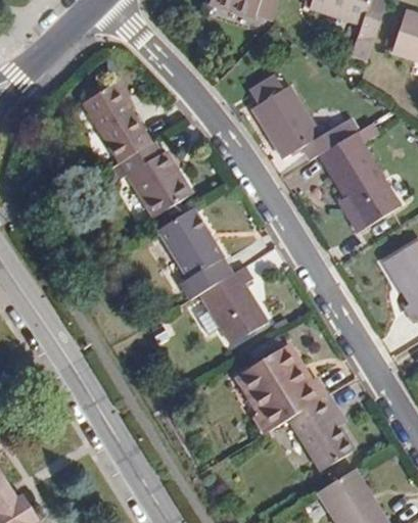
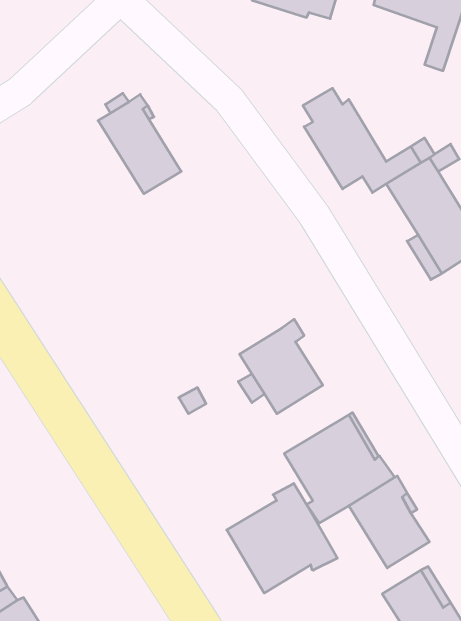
building: [113,142,193,218] -> none
building: [157,207,234,300] -> none
building: none -> [227,483,337,593]

